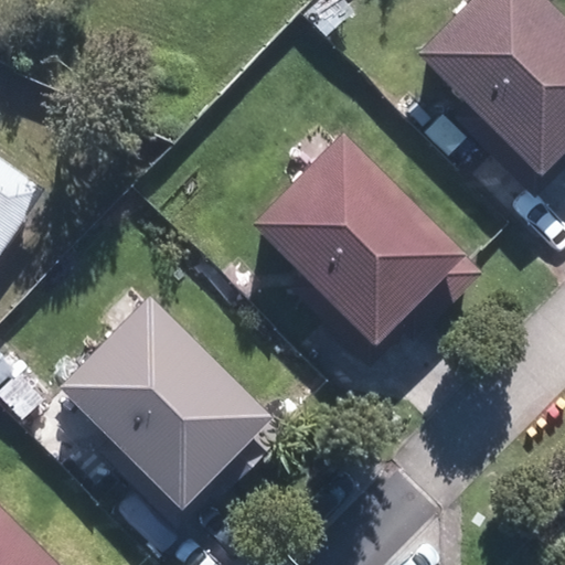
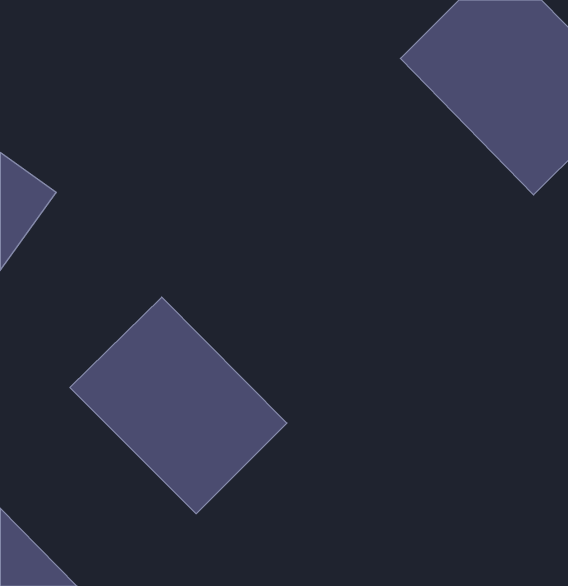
building: [234,143,444,353] -> none

